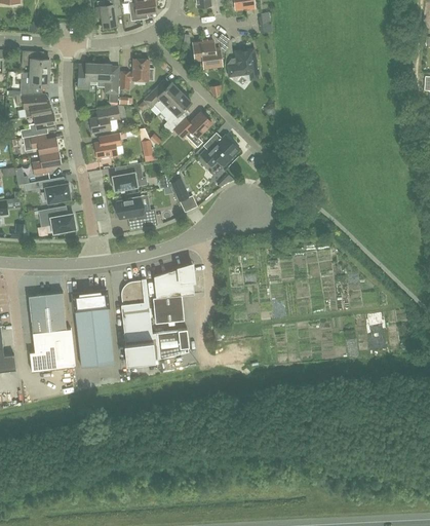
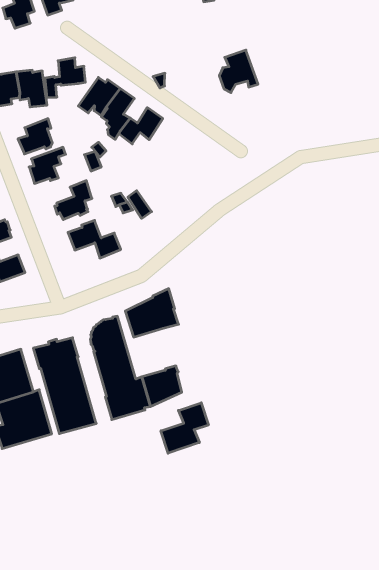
building: [193,40,221,68] -> none
building: [227,48,258,81] -> [219,50,258,93]
building: [201,136,237,165] -> none
building: [153,295,184,323] -> none
building: none -> [161,403,208,453]

